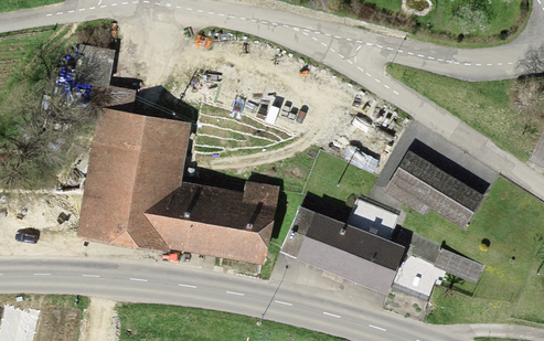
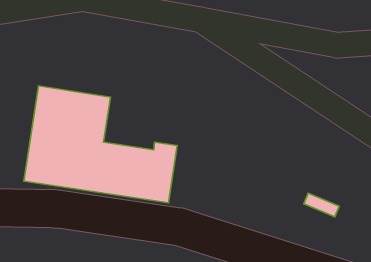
building: [388,150,483,221] -> none
building: [284,207,403,291] -> none

